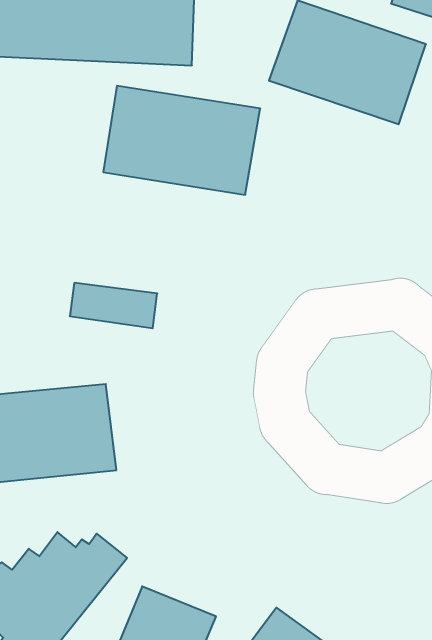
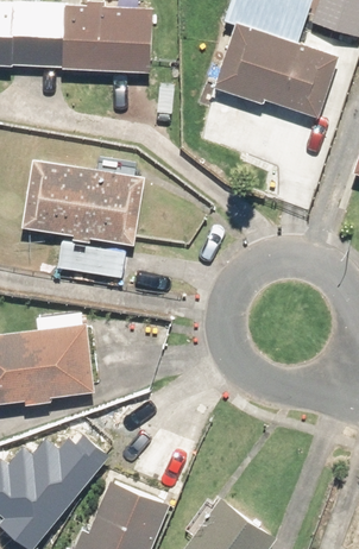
building: [103,86,260,195] -> [21,160,145,246]

